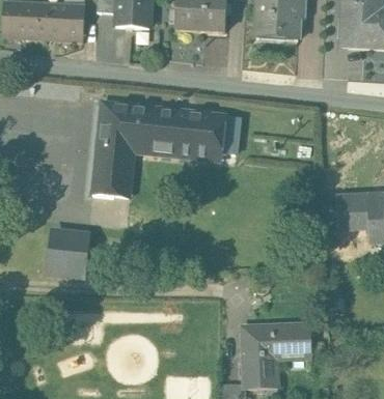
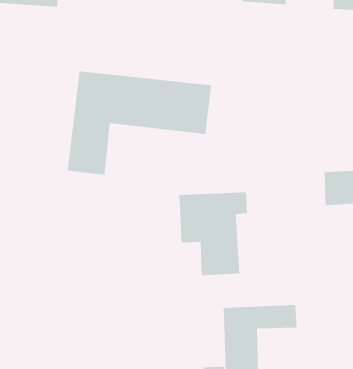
building: none -> [179,192,247,276]
building: [47,232,87,277] -> none

